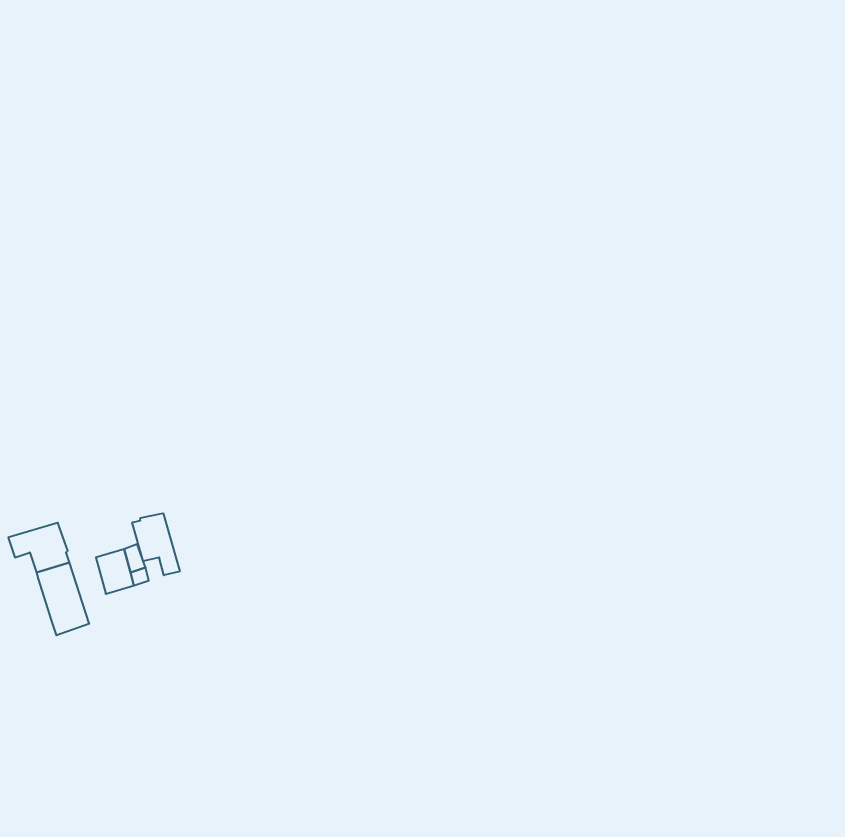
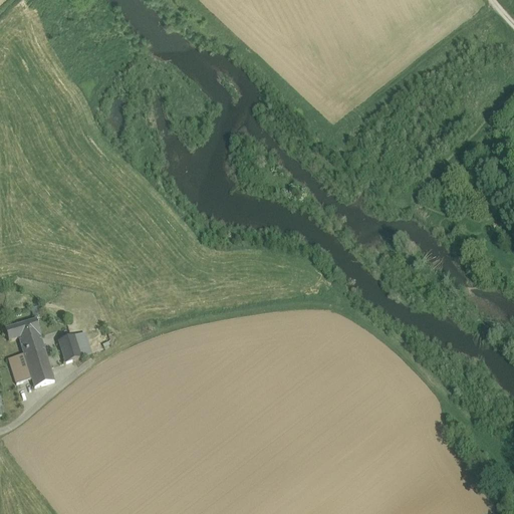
building: [132,513,180,575] -> none
building: none -> [8,351,31,381]

